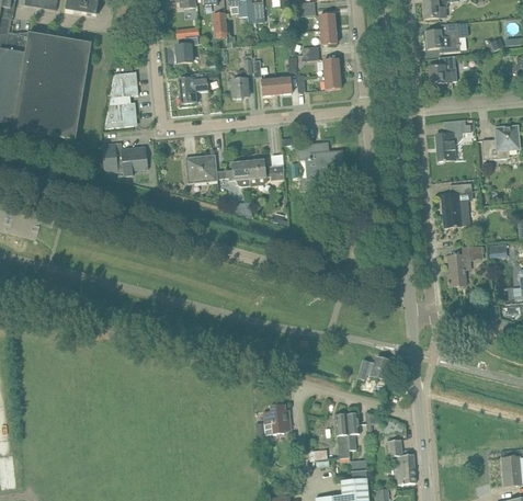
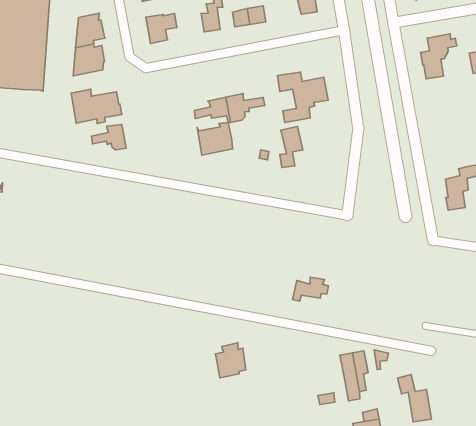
building: [185,155,217,183] -> [197,123,233,155]
building: none -> [92,124,126,150]
building: [441,183,471,227] -> none
building: none -> [280,127,303,167]
building: [357,357,393,379] -> [293,277,328,301]
building: [263,403,291,435] -> [215,343,246,378]

